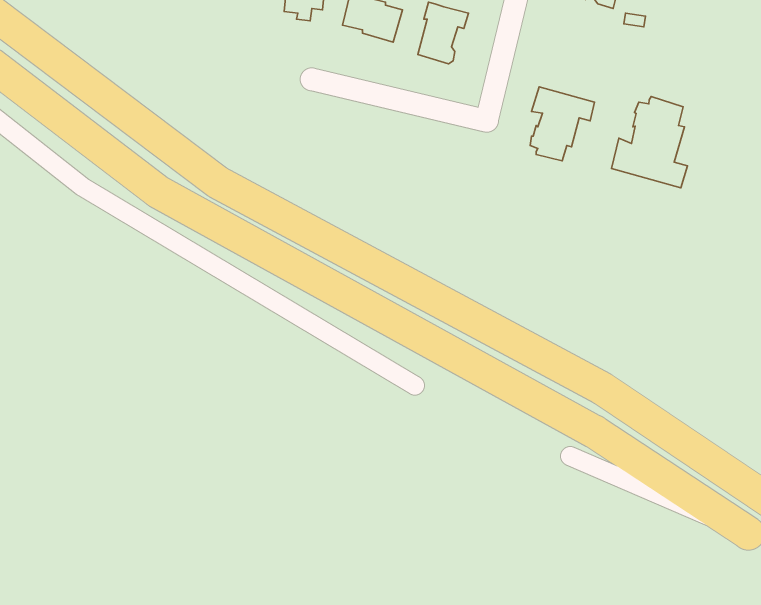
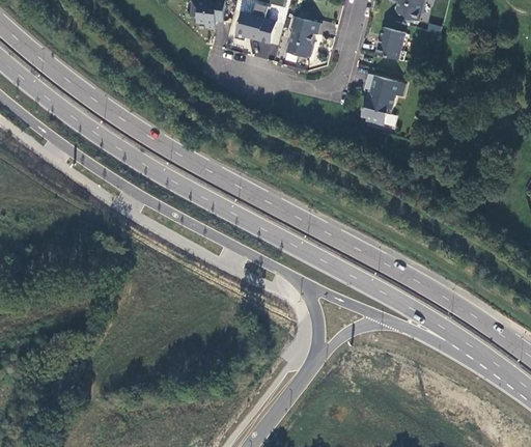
building: none -> [378,27,407,59]
building: [612,97,688,188] -> none

